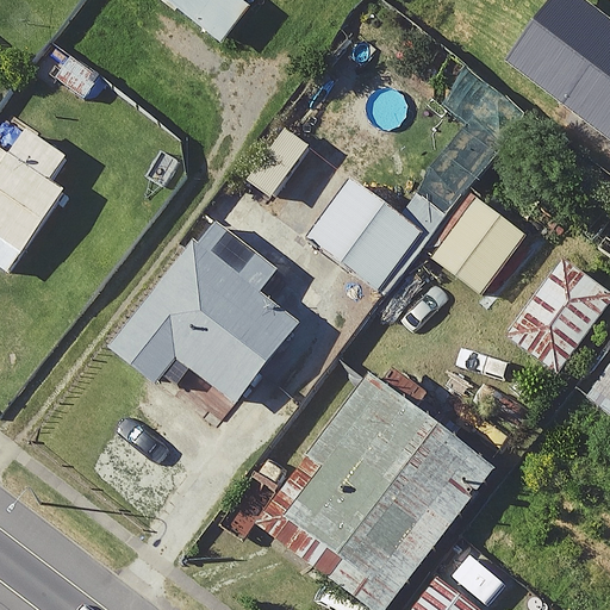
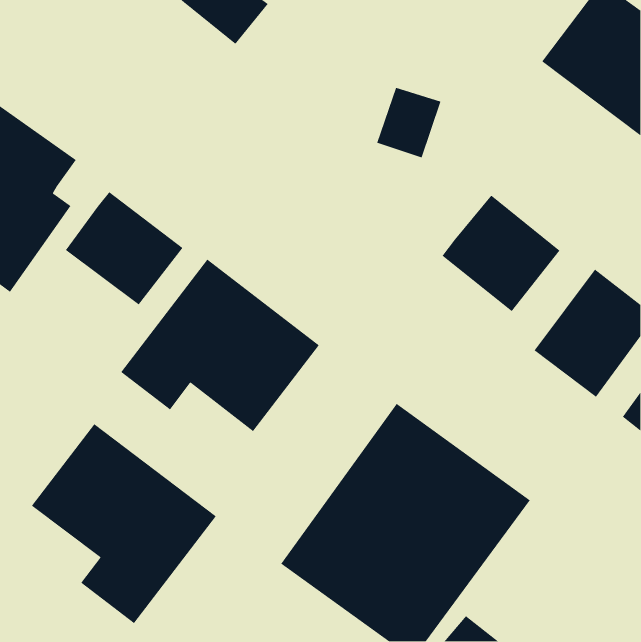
building: [298,163,423,287] -> none
building: none -> [65,191,183,306]
building: none -> [31,423,217,624]

